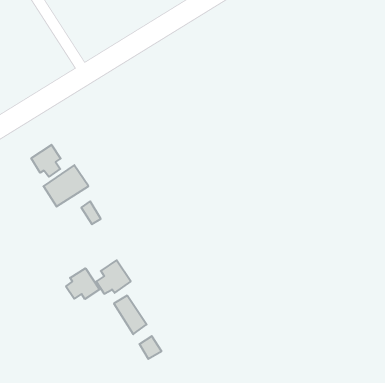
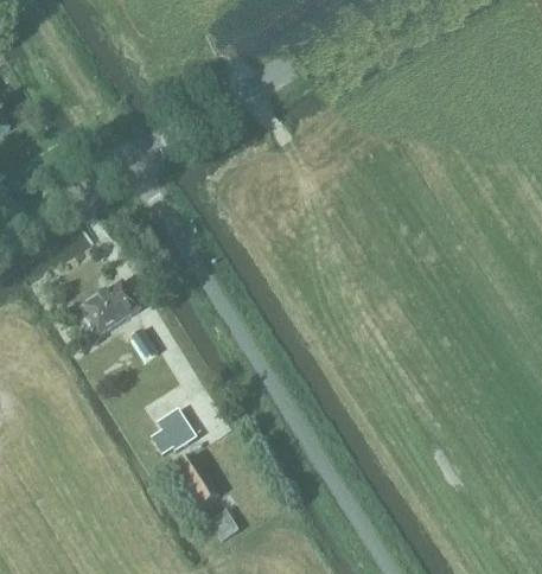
building: [31,145,61,177] -> none
building: [66,268,100,299] -> none

